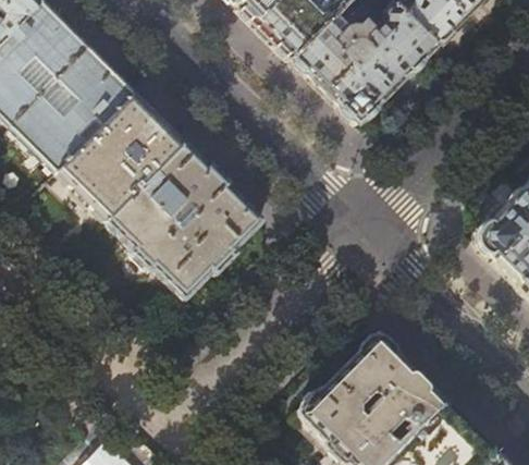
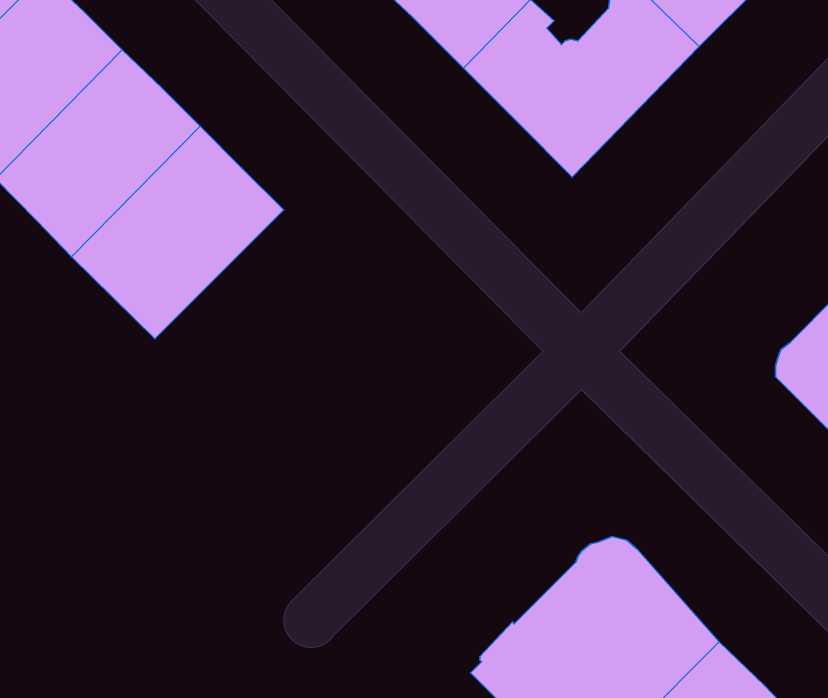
building: [106,142,266,302] -> none

